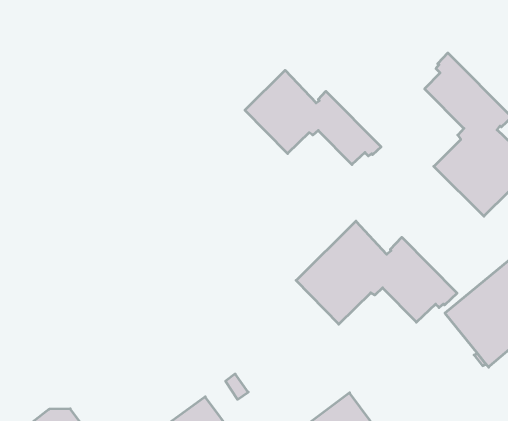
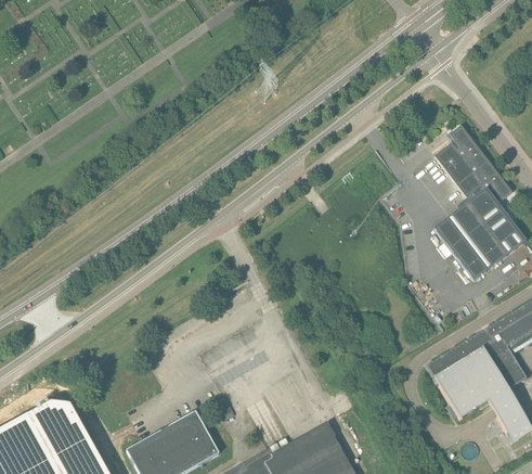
building: [245,70,381,165] -> none
building: [296,221,457,324] -> none

